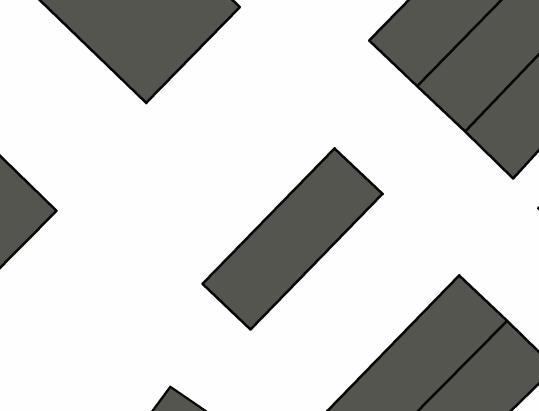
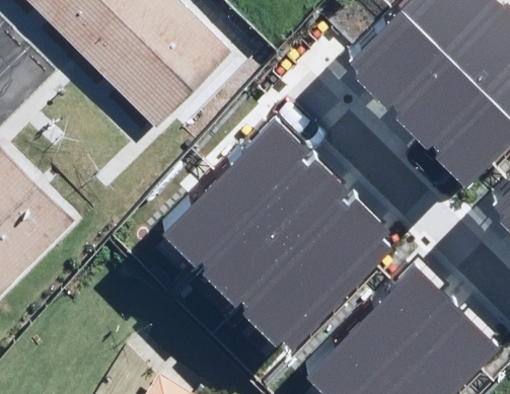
building: none -> [162,124,313,278]
building: none -> [242,202,394,354]

